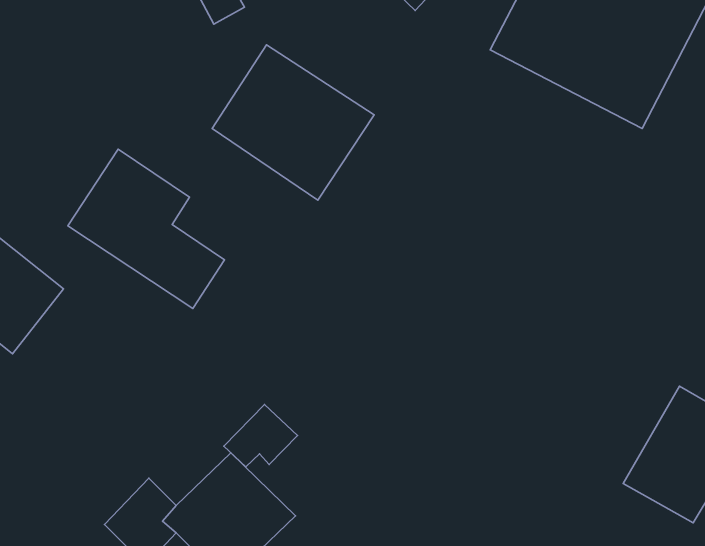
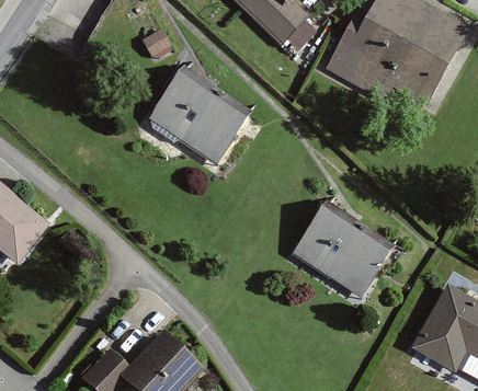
building: [68,149,224,308] -> none
building: none -> [285,205,387,300]
building: [224,405,298,467] -> none

